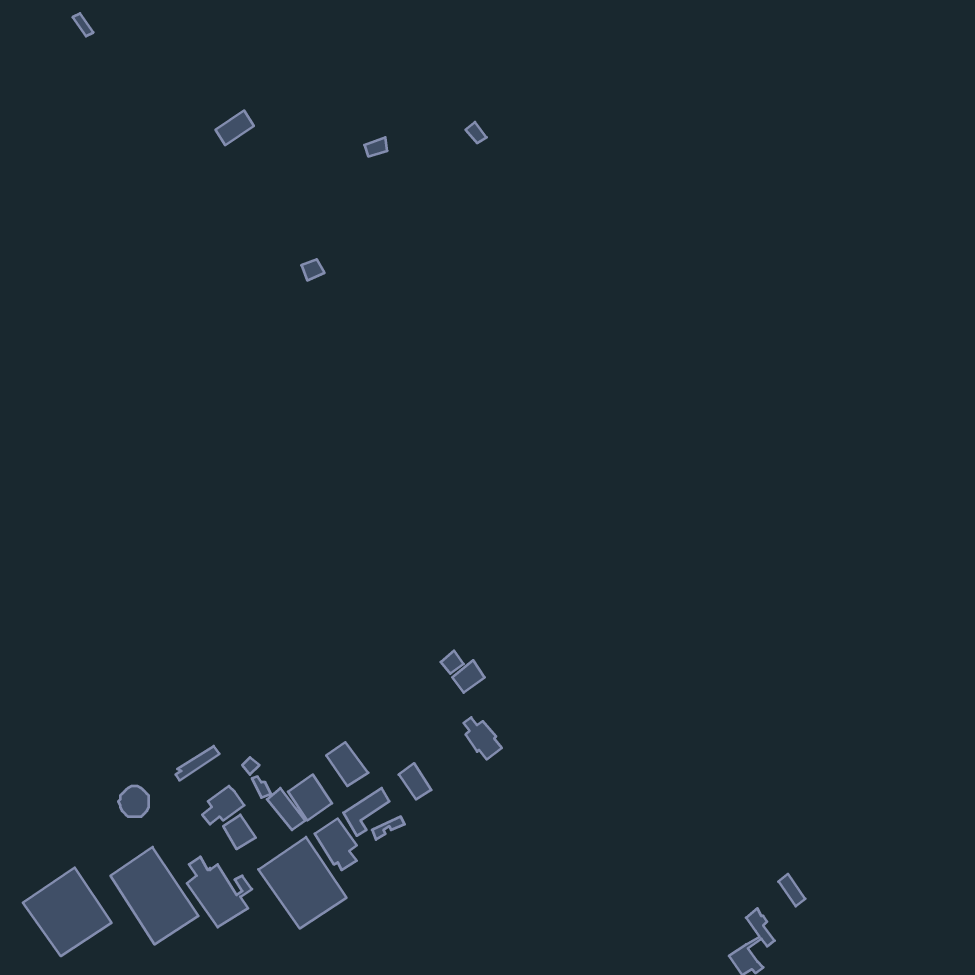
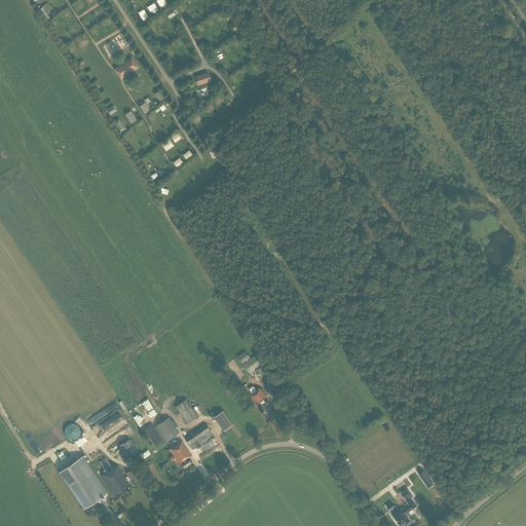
building: [258,837,346,928] -> none
building: [23,868,111,956] -> none

